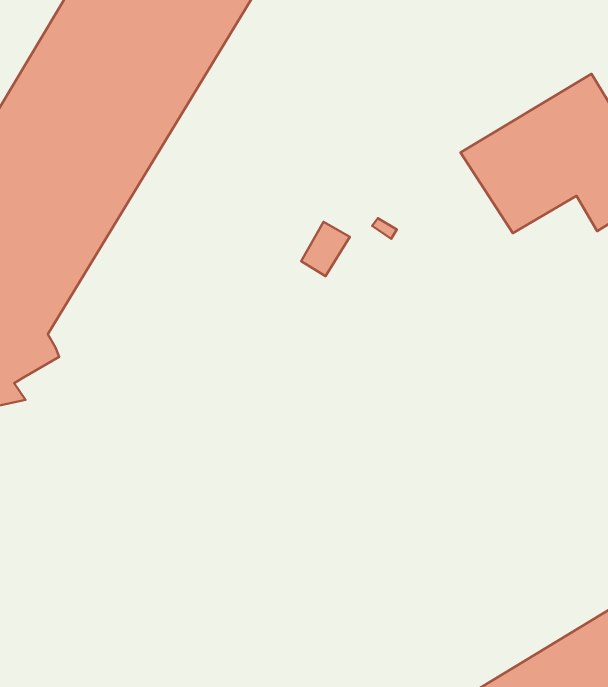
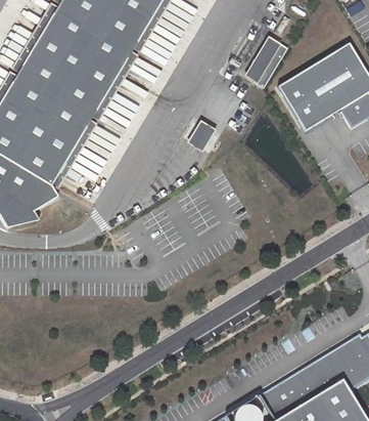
building: none -> [247,41,287,89]

